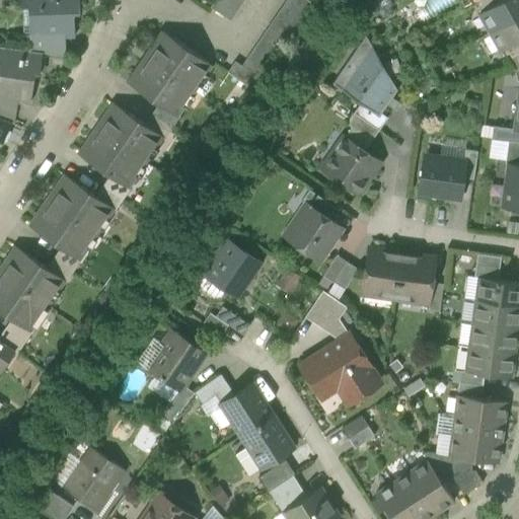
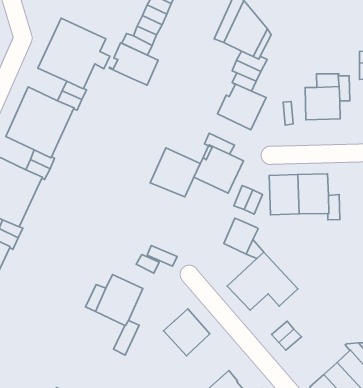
building: none -> [109,43,158,85]
building: [201,239,261,298] -> [150,148,200,197]
building: [194,375,234,405] -> none
building: [241,417,293,469] -> none

